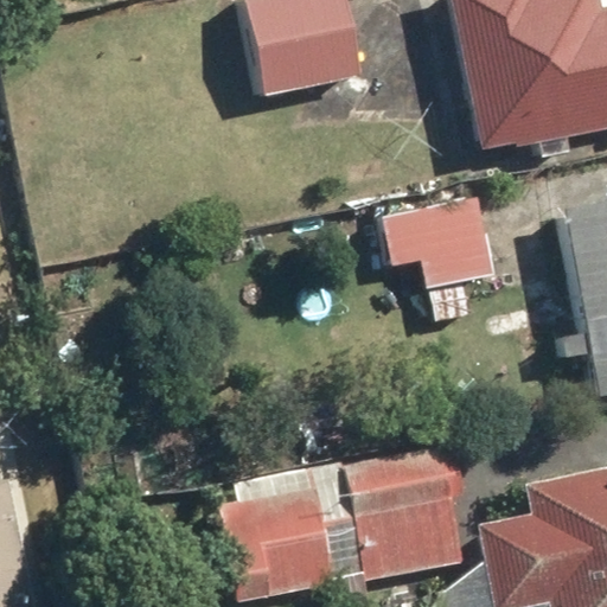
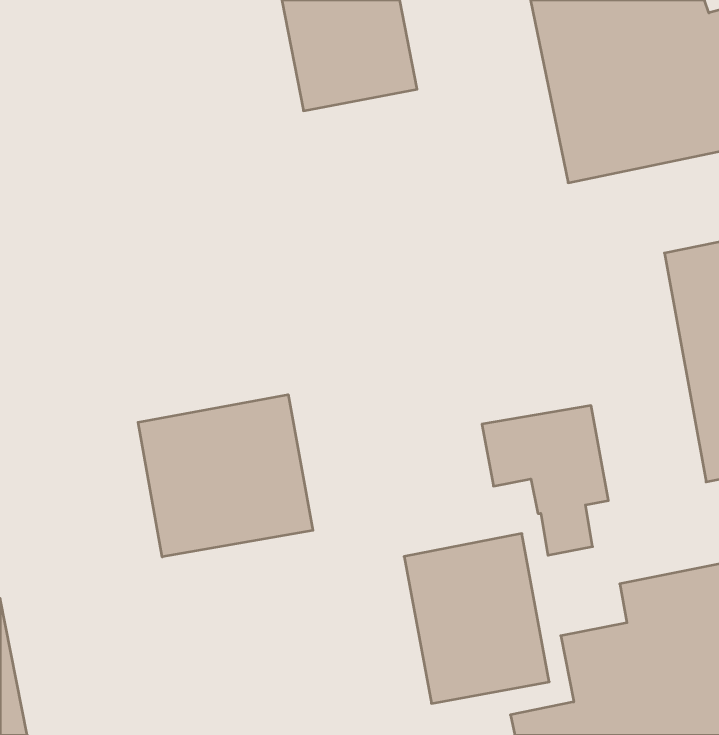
building: [384,199,488,322] -> [482,406,608,555]
building: none -> [138,395,313,557]
building: [222,485,337,600] -> none

